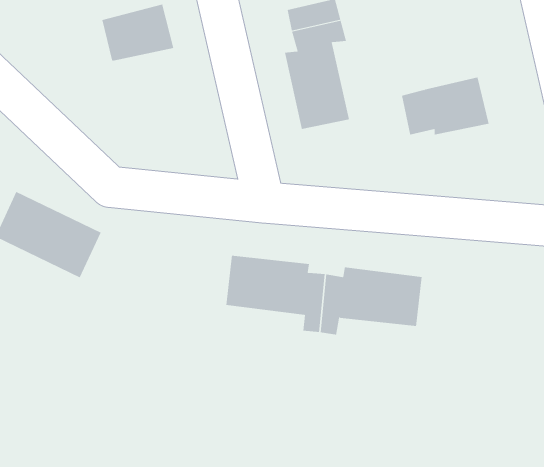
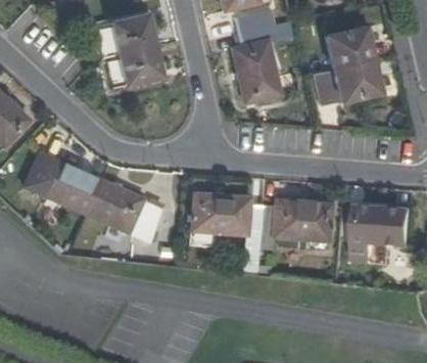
building: none -> [325,32,372,74]
building: none -> [110,44,160,85]
building: none -> [87,176,158,235]
building: none -> [351,210,414,267]

